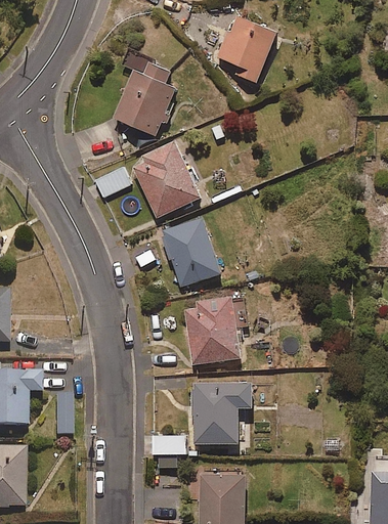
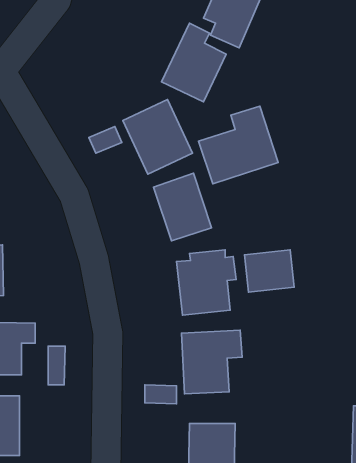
building: [114,55,180,136] -> [162,23,226,102]
building: none -> [199,106,278,184]
building: none -> [244,250,294,292]

